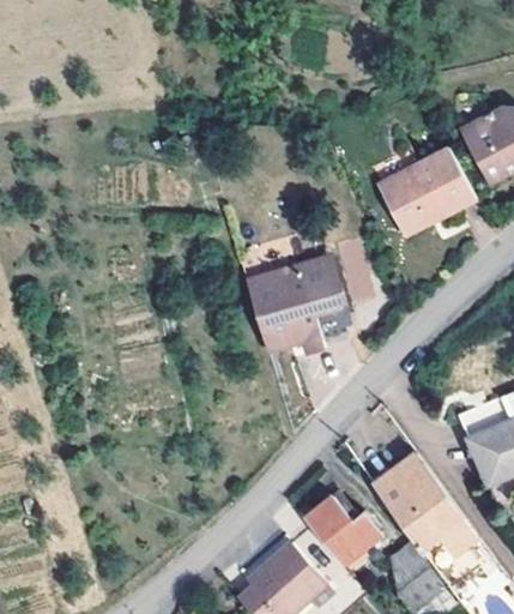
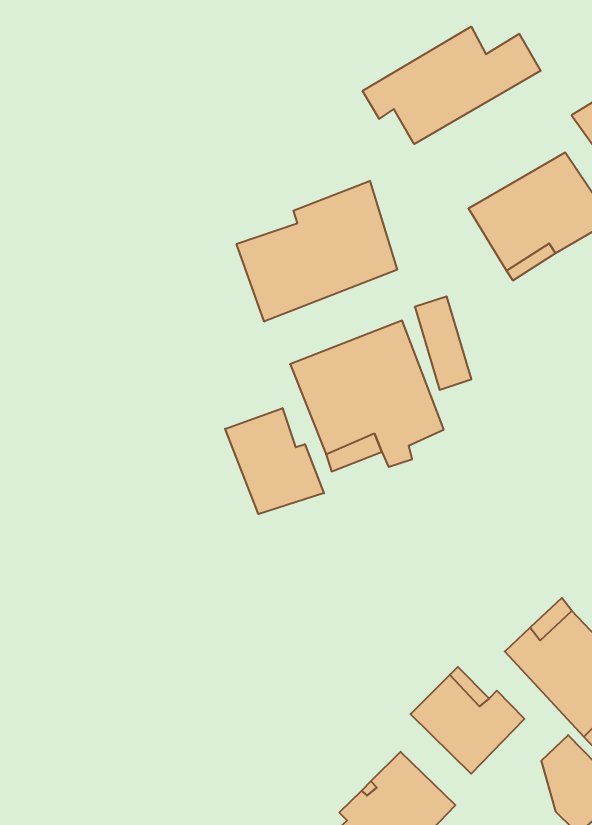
building: none -> [363,27,541,144]
building: none -> [237,181,397,322]
building: none -> [225,408,324,514]

